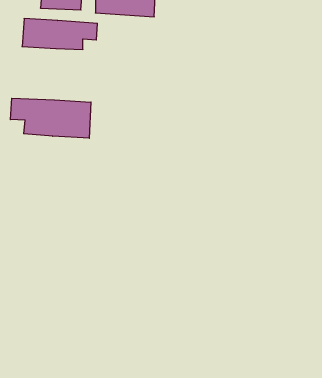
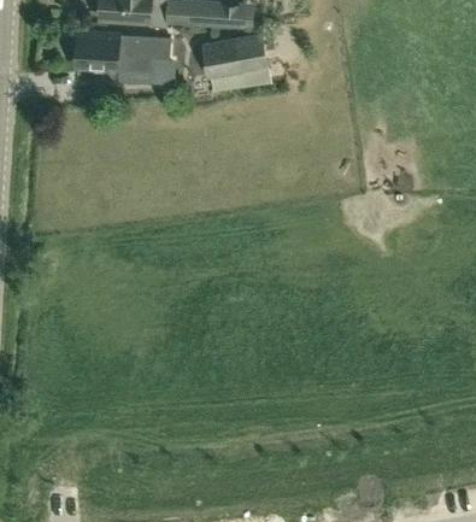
building: none -> [201,35,271,92]
building: [10,98,91,138] -> none

